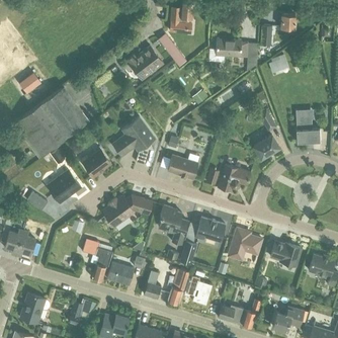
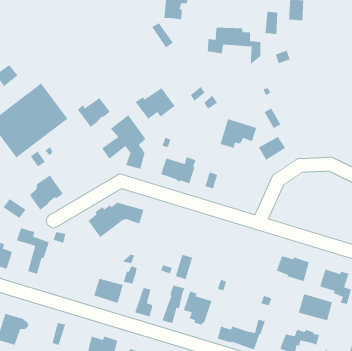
building: [125,45,162,74] -> [135,87,175,120]
building: [294,114,321,142] -> none
building: [80,149,110,176] -> [77,97,111,128]
building: [217,163,250,190] -> [220,118,257,149]
building: [158,203,187,243] -> none
building: [194,216,224,241] -> none
building: [227,227,261,259] -> none
building: [82,238,112,280] -> [16,227,50,275]
building: none -> [298,293,333,321]

